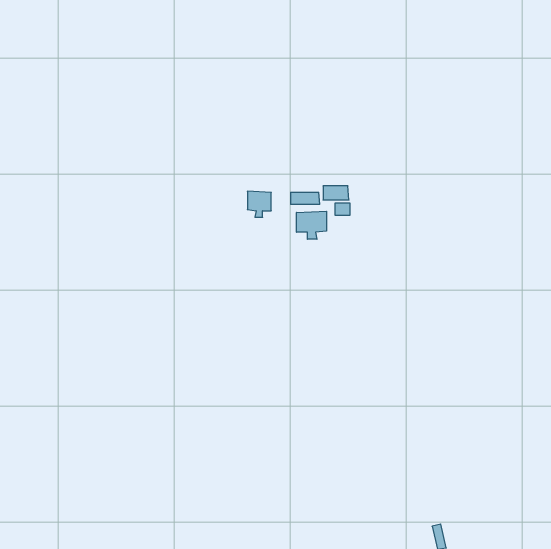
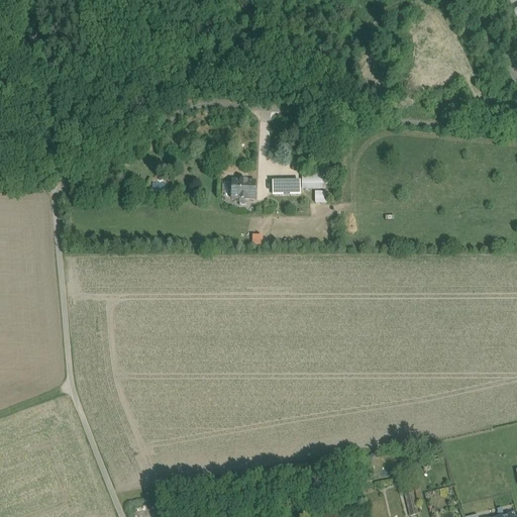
building: [297,211,326,239] -> none

